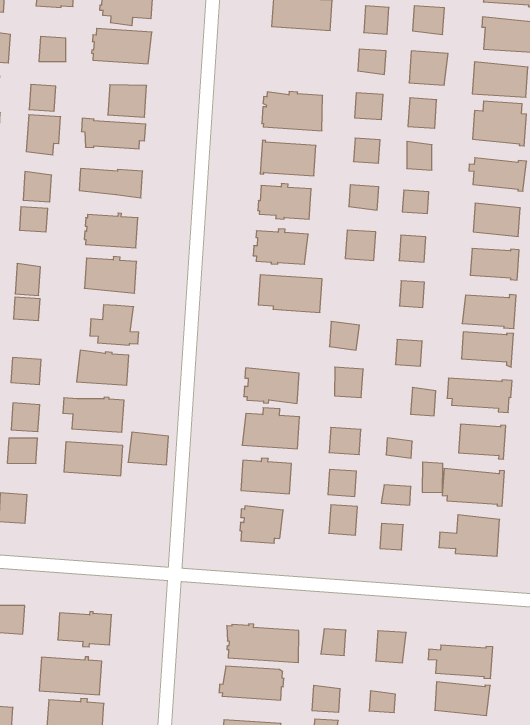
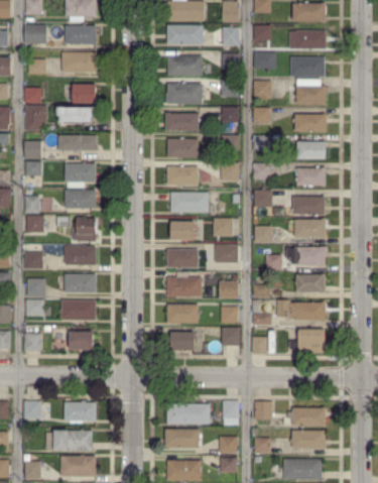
building: none -> [169,55,203,77]
building: none -> [169,222,195,241]
building: [128,432,168,465] -> [70,331,93,349]

